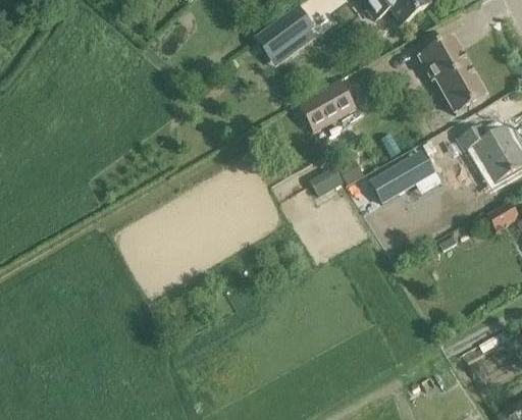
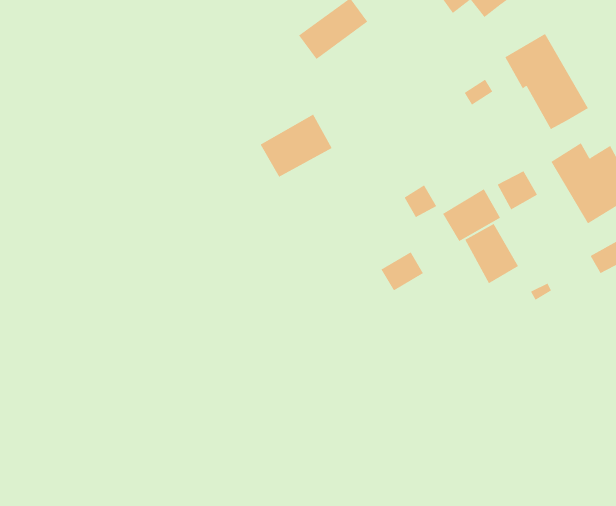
building: [299,80,357,130] -> [260,114,332,178]
building: [310,164,345,196] -> [381,252,424,291]
building: none -> [464,223,519,284]

